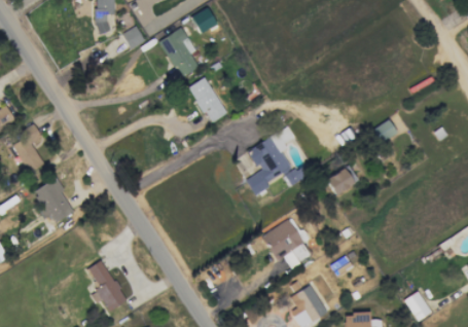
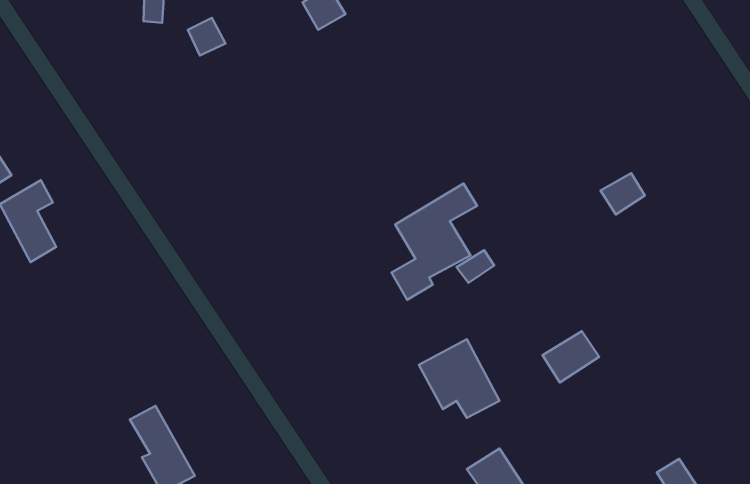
building: [158,27,199,77] -> none
building: [188,76,227,123] -> none
building: [324,165,358,195] -> [543,331,599,382]
building: [33,178,73,221] -> none

